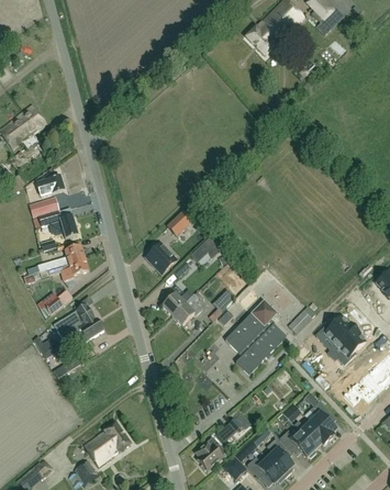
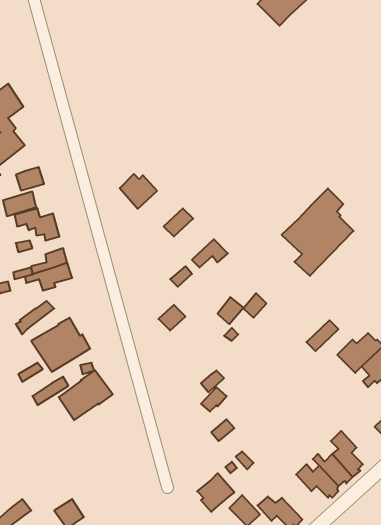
building: [145,245,177,275] -> [120,174,157,209]
building: [171,294,202,326] -> none
building: [224,300,286,375] -> [282,188,354,276]
building: [85,422,131,465] -> [59,370,113,420]
building: [266,438,292,477] -> none

